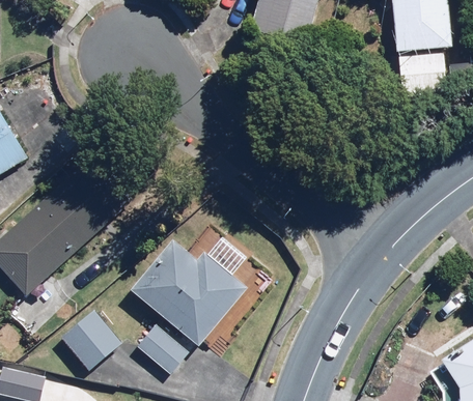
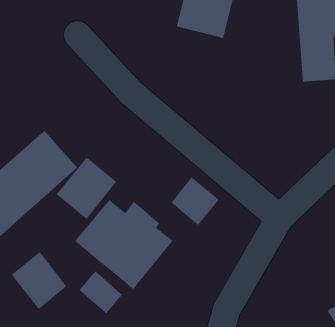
building: none -> [56,156,117,220]
building: none -> [171,177,219,226]

